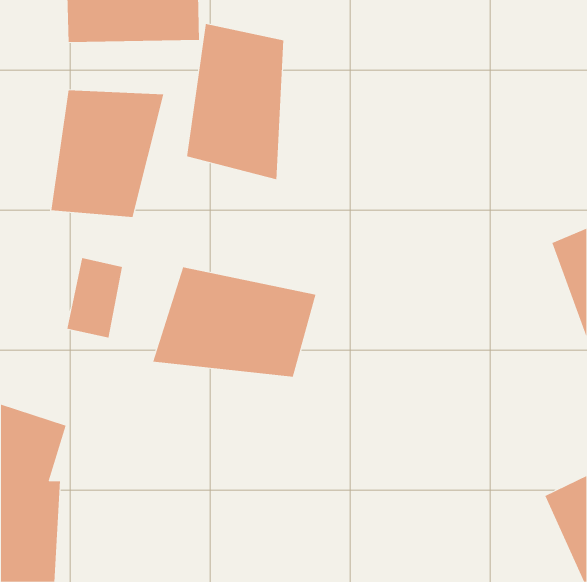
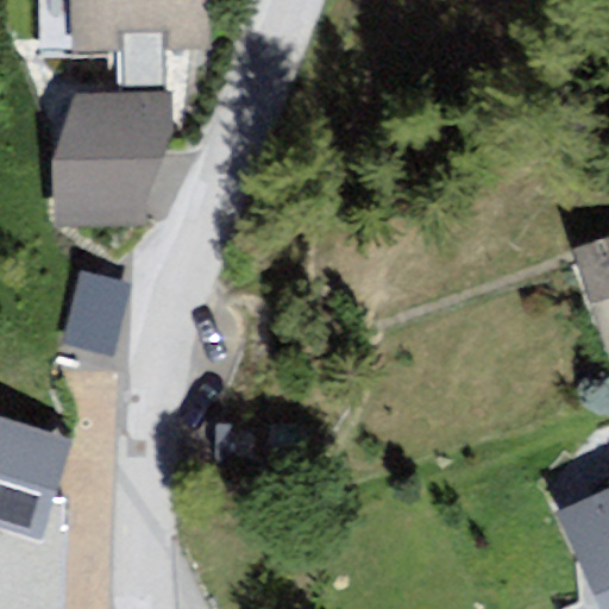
building: [187,23,284,180] -> none
building: [152,266,316,378] -> none

